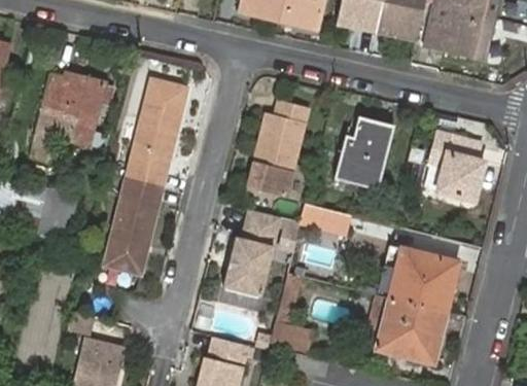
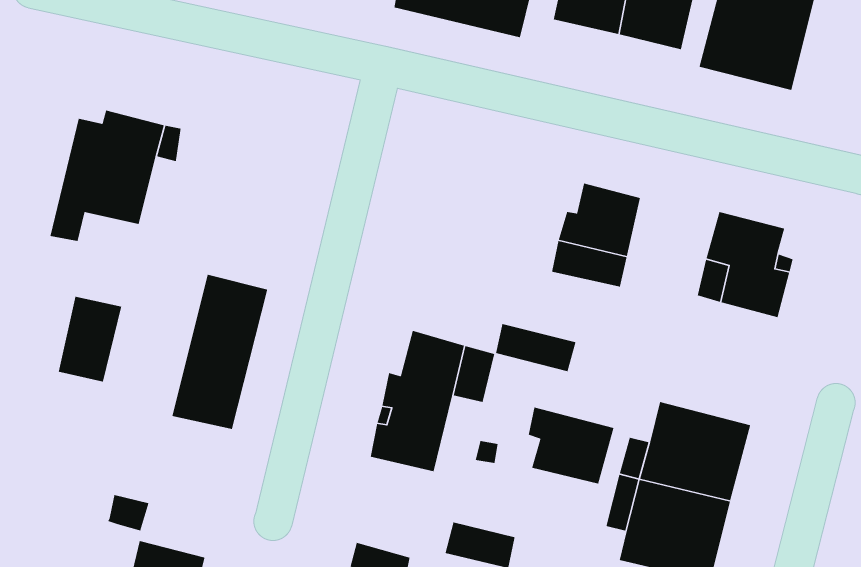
building: [127,71,189,182] -> none
building: [249,97,310,195] -> none
building: none -> [528,407,615,485]

